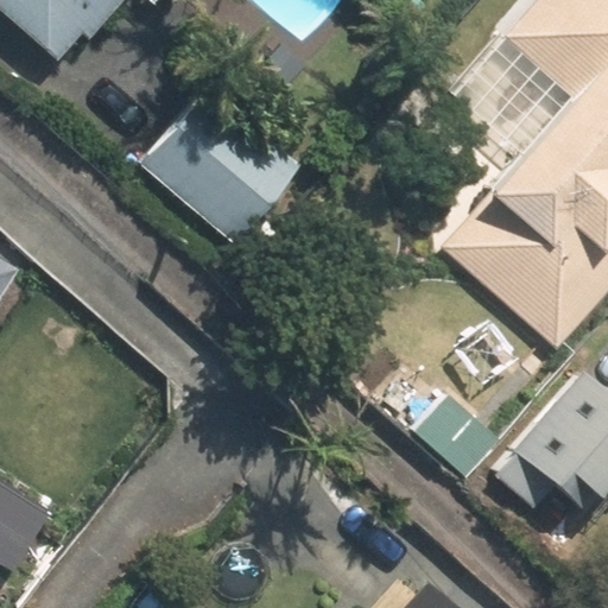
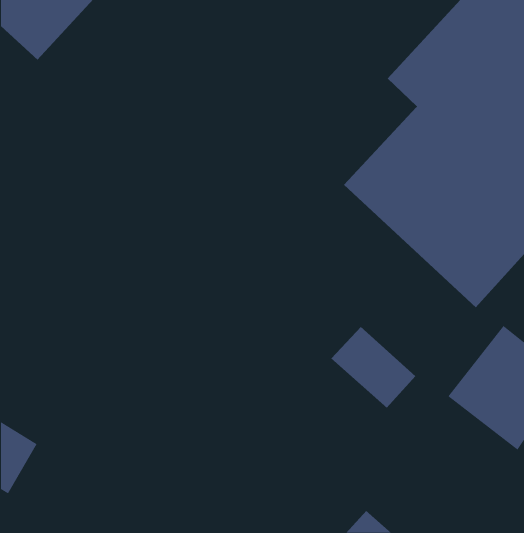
building: [150,91,303,245] -> none

